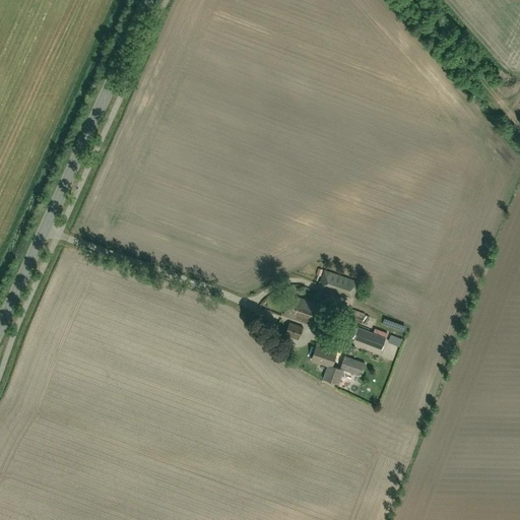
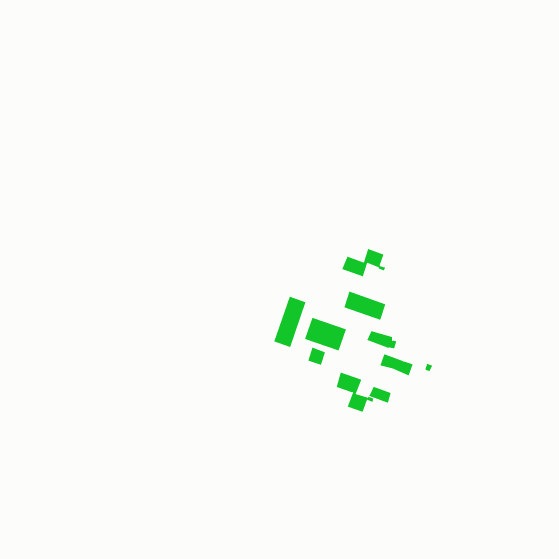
building: none -> [341,248,386,277]
building: none -> [274,296,306,348]

